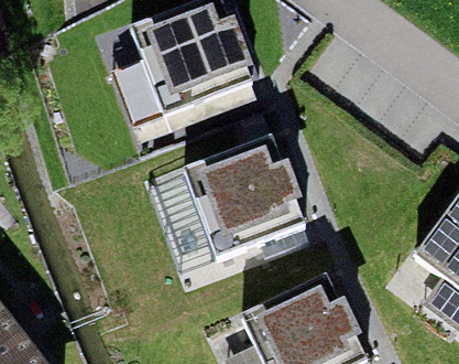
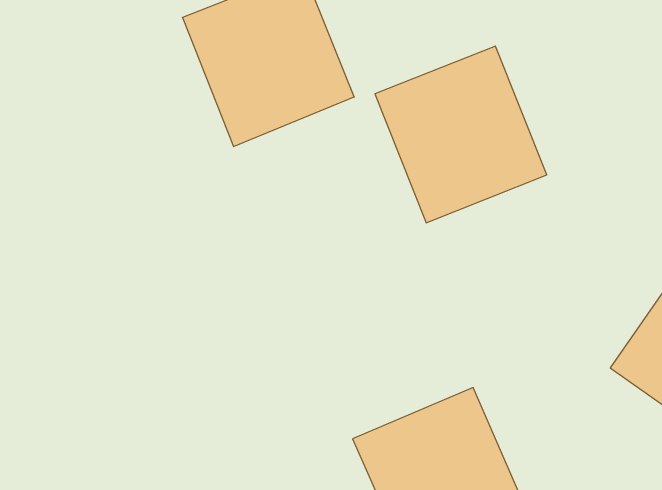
building: [186,137,300,255] -> [375,46,547,223]

